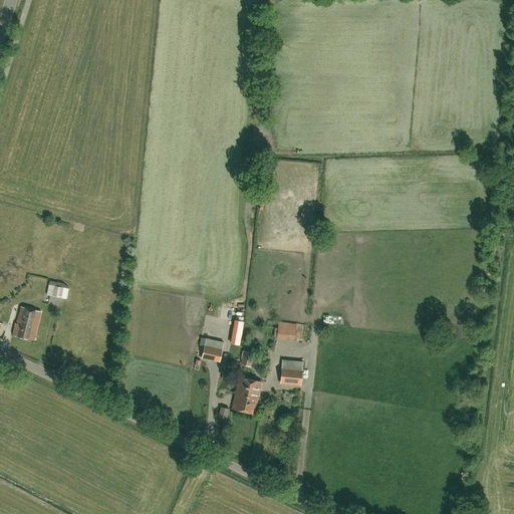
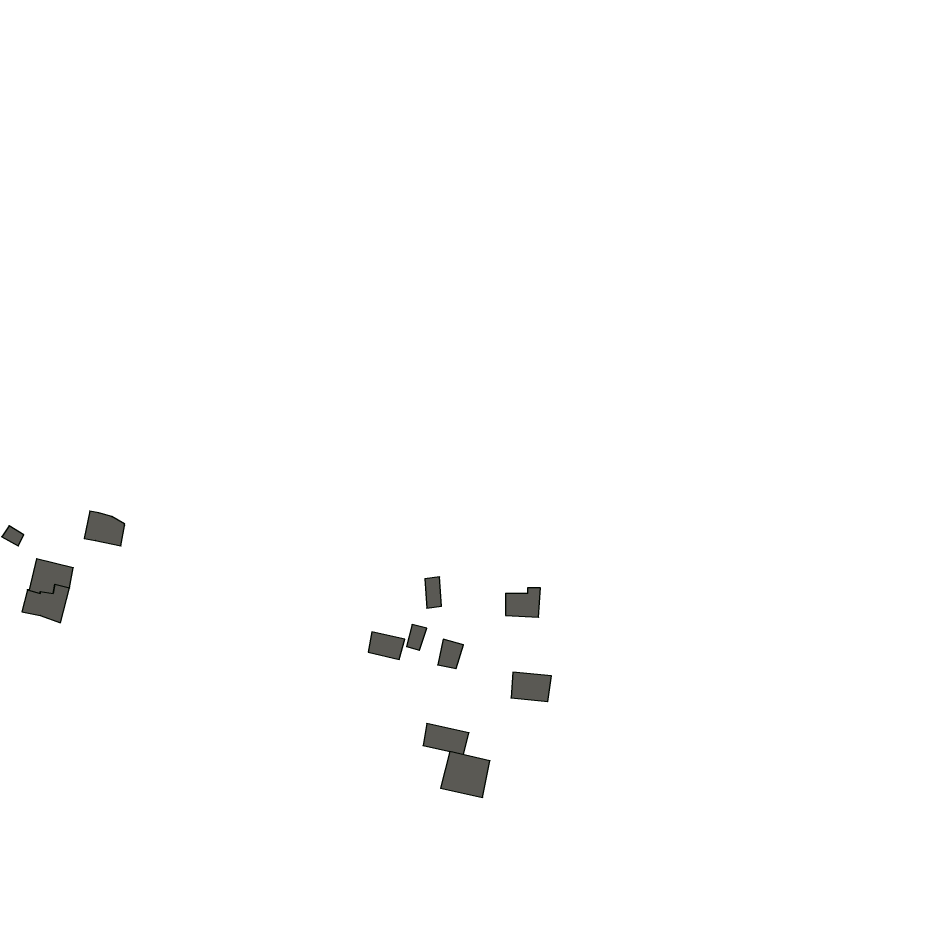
building: [234,376,261,402] -> [441,752,490,797]

